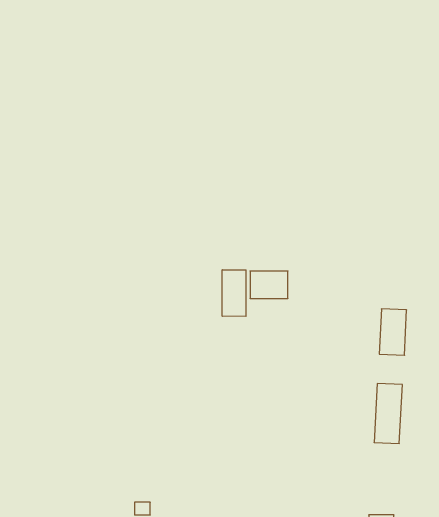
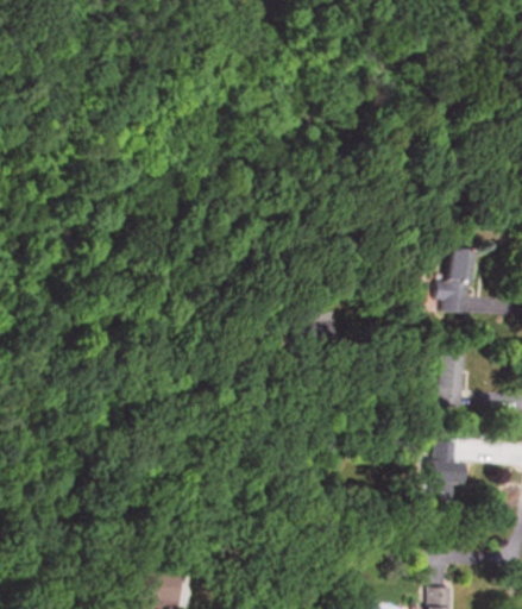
building: none -> [441,251,474,314]
building: [222,270,246,316] -> none

